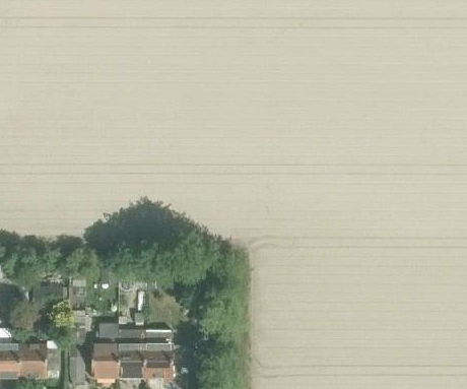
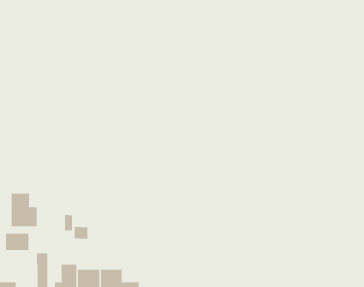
building: none -> [11,193,37,227]

